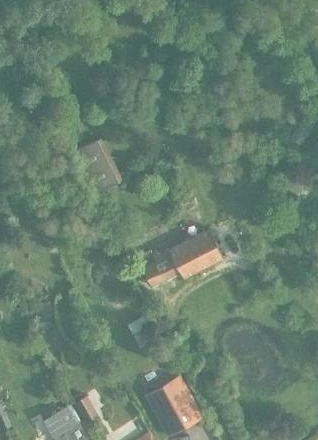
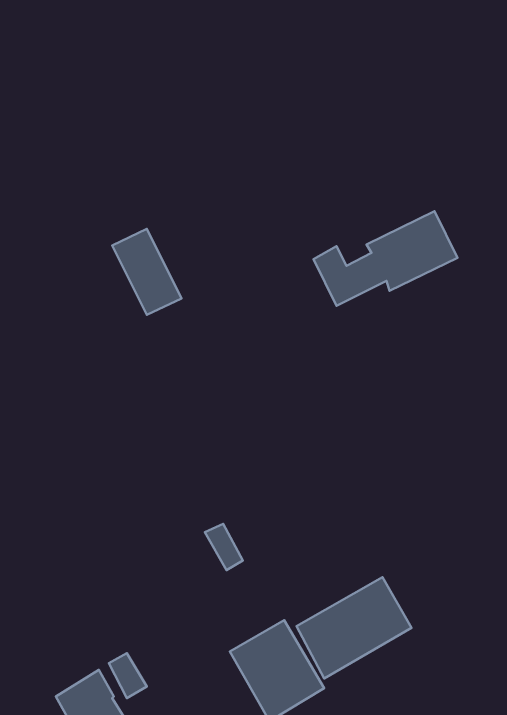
building: [136,230,223,287] -> [313,211,458,306]
building: none -> [296,577,412,678]

